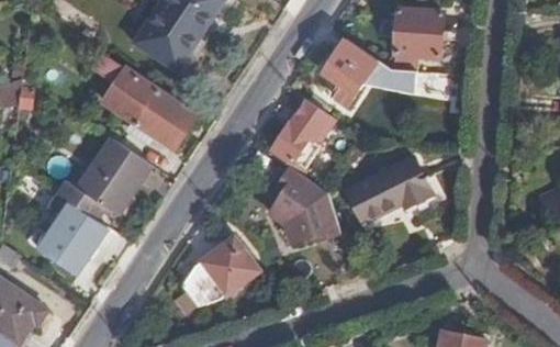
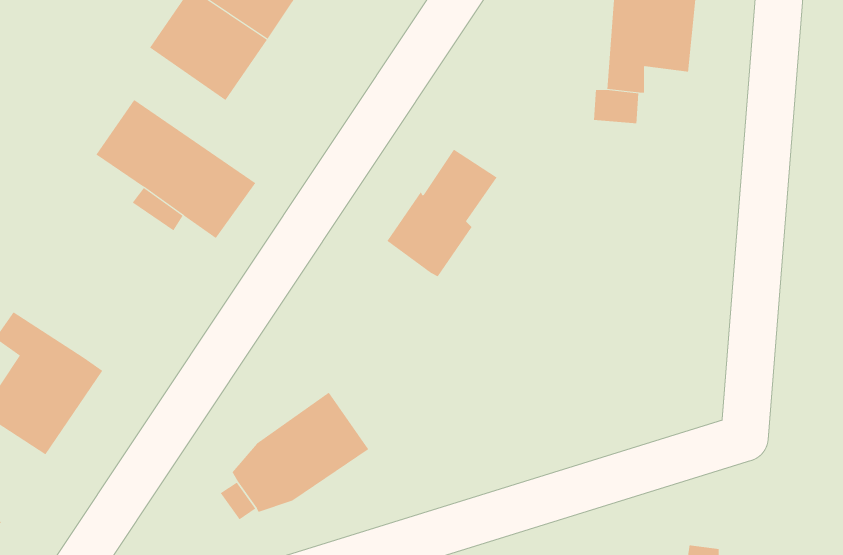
building: [325,54,369,105] -> none
building: [54,138,149,219] -> none
building: [347,159,430,219] -> none
building: [275,170,339,244] -> none

